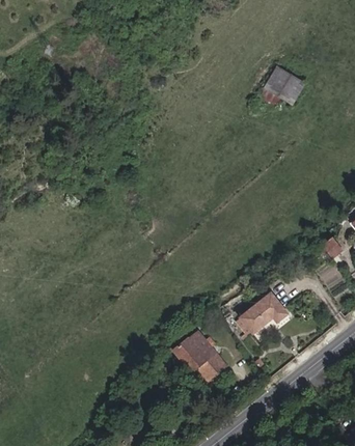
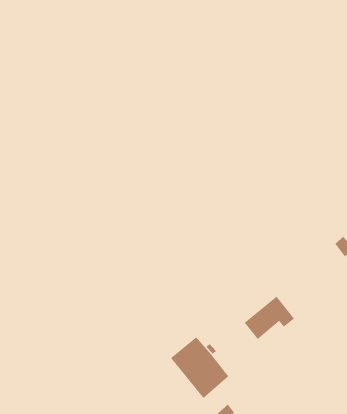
building: [262,65,303,105] -> none

